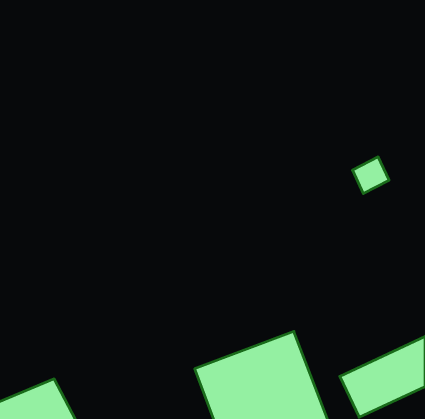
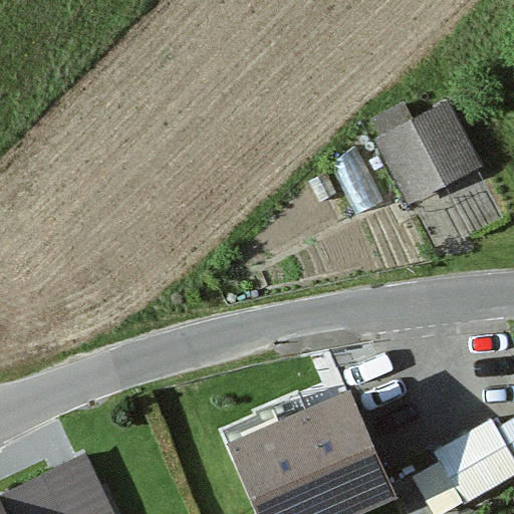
building: none -> [376,96,484,200]

